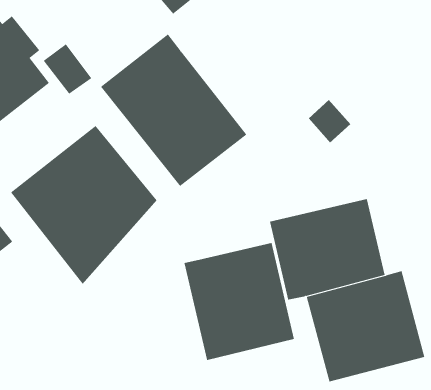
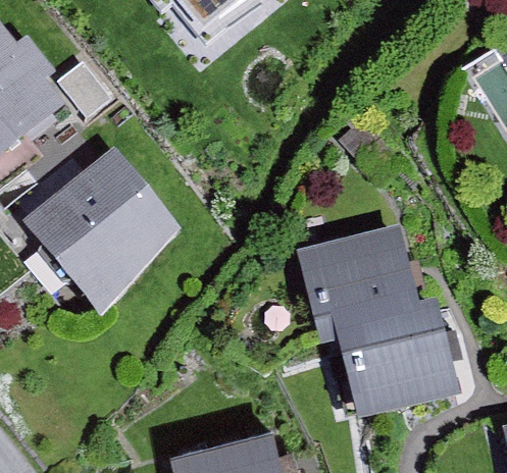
building: [100,33,247,187] -> none
building: [184,242,294,361] -> none

